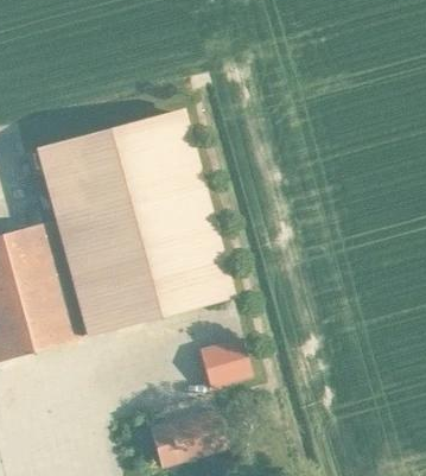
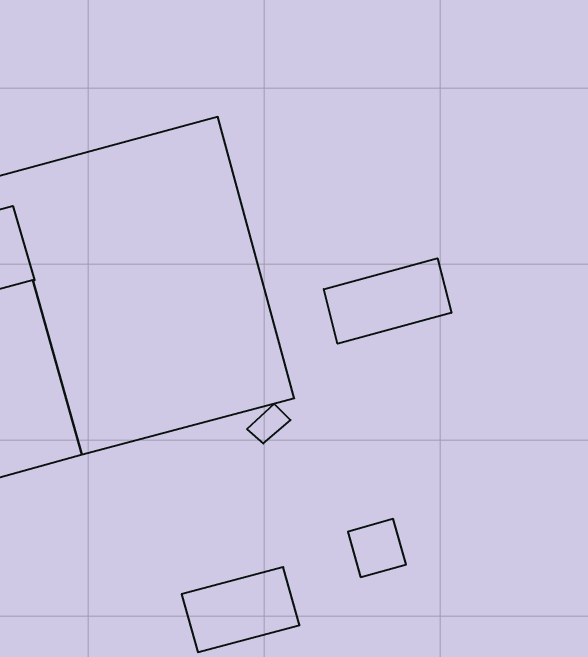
building: none -> [324,258,451,344]
building: [202,344,240,382] -> [348,519,406,577]

